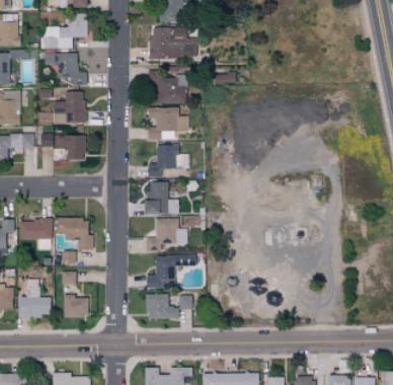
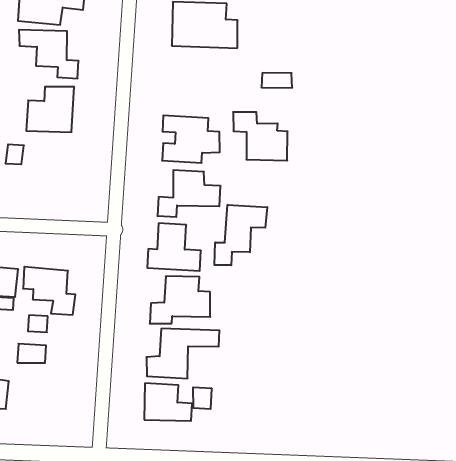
building: [148,70,187,103] -> [233,112,288,161]
building: [65,135,85,159] -> none
building: none -> [214,205,267,265]
building: [65,297,89,317] -> none

